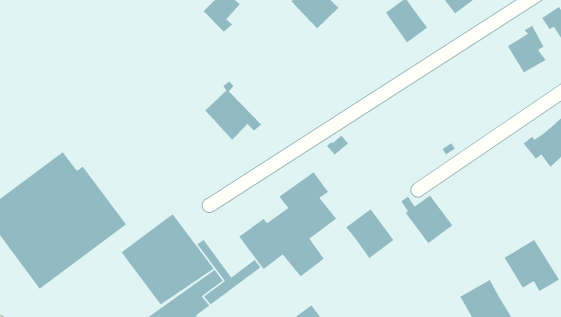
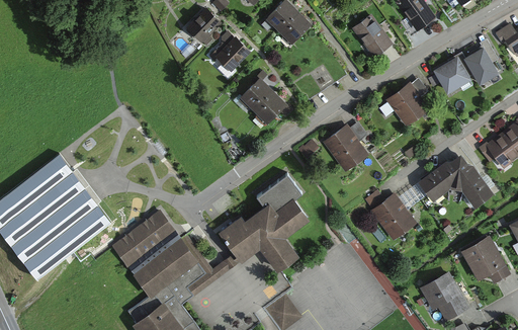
building: none -> [208,37,250,71]
building: none -> [428,56,472,94]
building: none -> [384,78,427,126]
building: [204,80,262,140] -> [240,70,292,125]
building: none -> [322,123,368,172]
building: none -> [419,150,493,207]
building: [345,208,395,259] -> none

